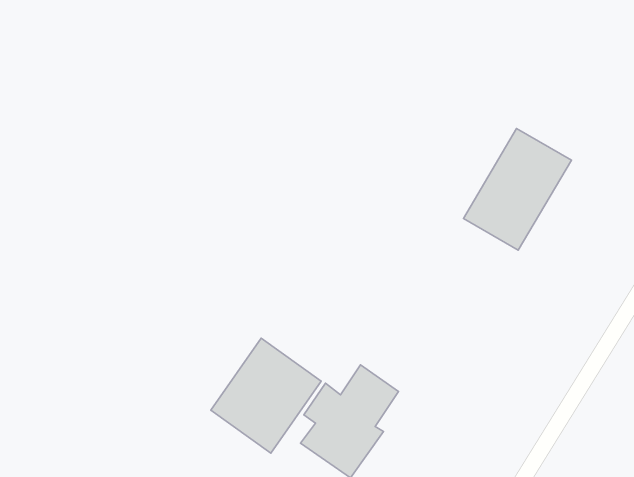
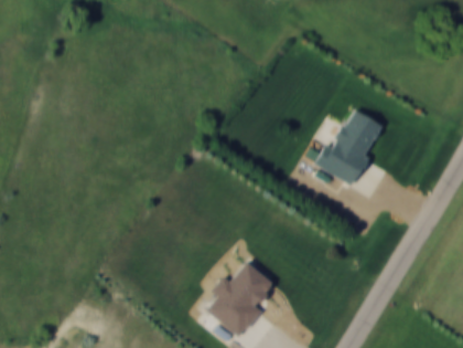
building: [211,338,321,453] -> none

